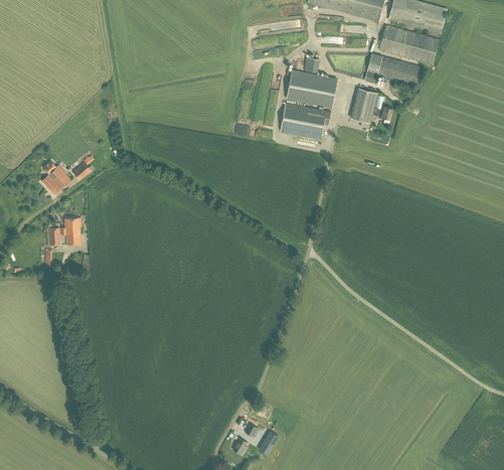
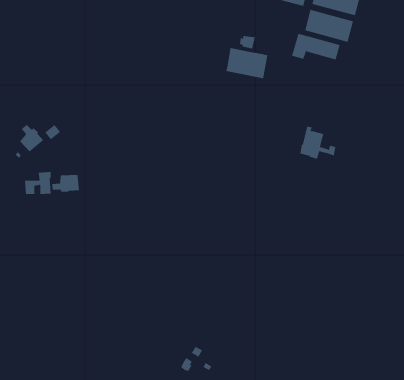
building: [349,85,392,124] -> [300,126,336,159]
building: [281,103,331,139] -> none
building: none -> [52,174,79,193]

